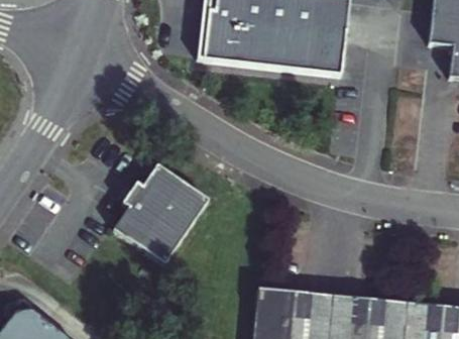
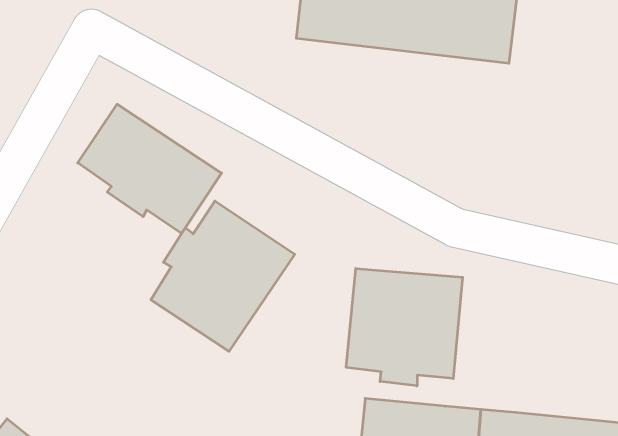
building: none -> [78,104,222,233]
building: none -> [346,268,463,386]

